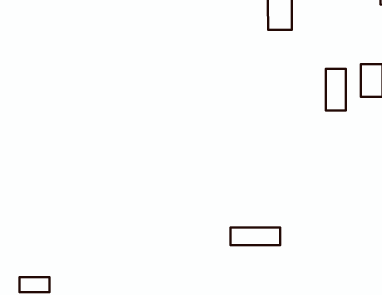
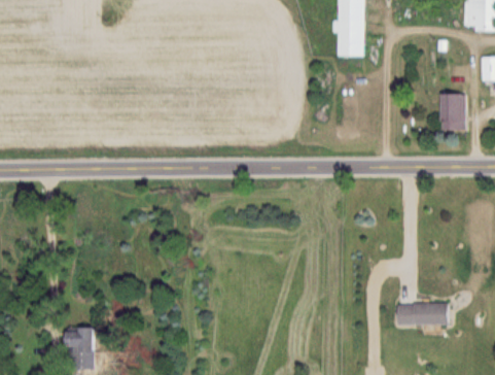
building: [326,69,346,110] -> none
building: [231,228,280,245] -> [396,305,451,325]

